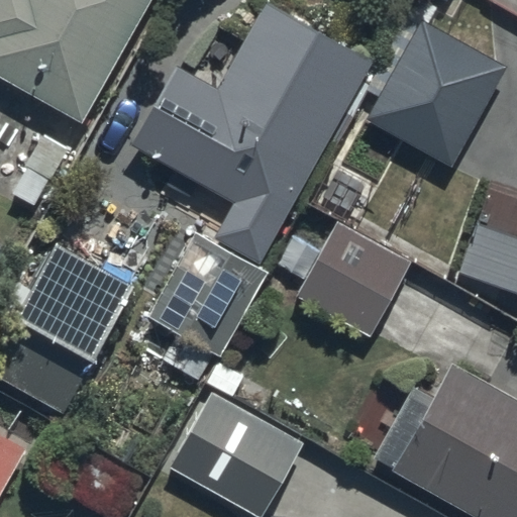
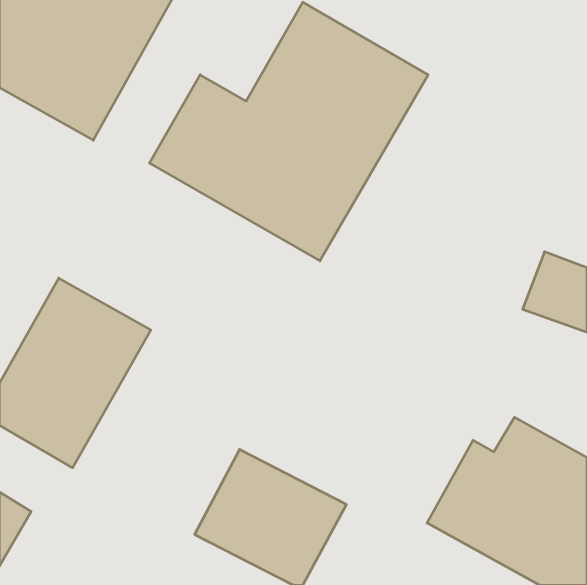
building: [367,20,507,169] -> none
building: [294,221,410,337] -> none
building: [145,233,262,380] -> none

